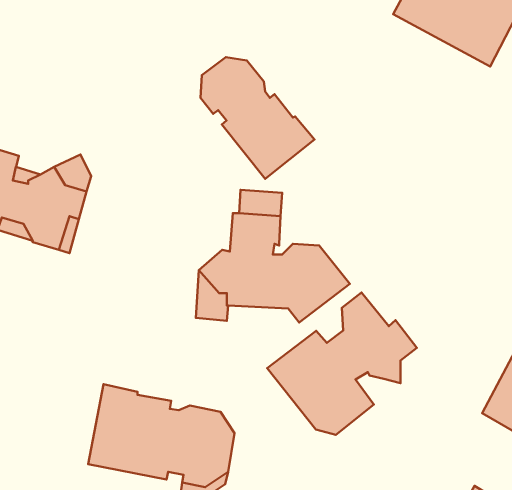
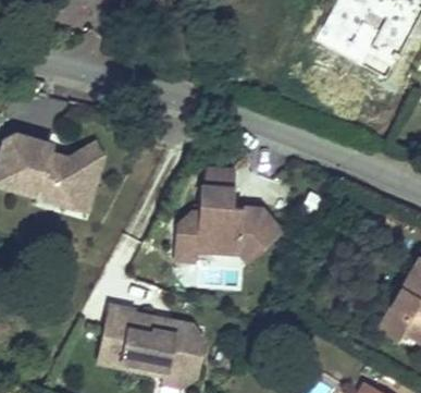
building: [201,57,315,179] -> none
building: [267,293,417,435] -> none

